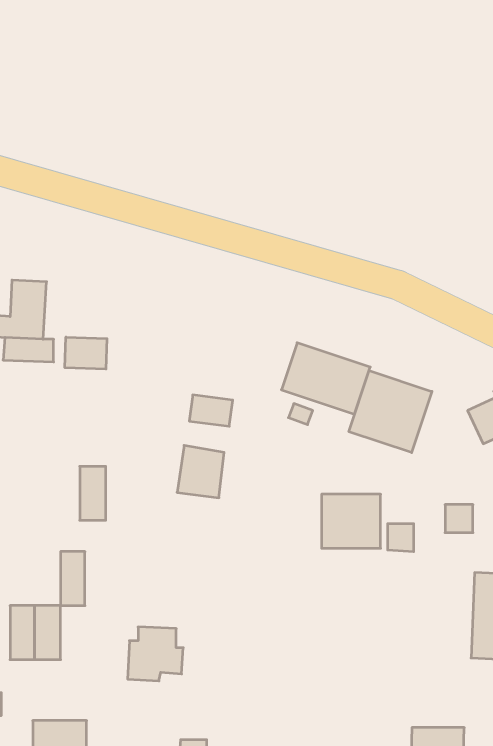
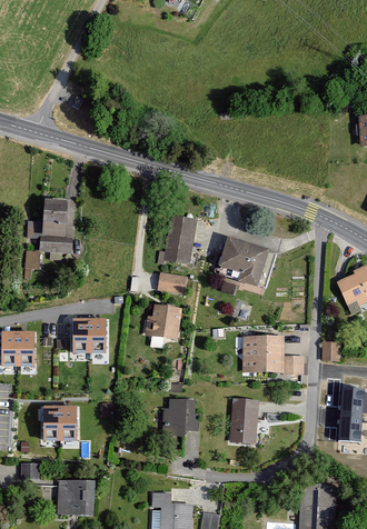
building: none -> [165,216,195,262]
building: [65,337,107,369] -> none
building: [349,371,432,453] -> none
building: [61,552,85,606] -> [72,318,88,352]
building: none -> [229,398,257,442]
building: [128,627,183,681] -> [162,399,198,433]

